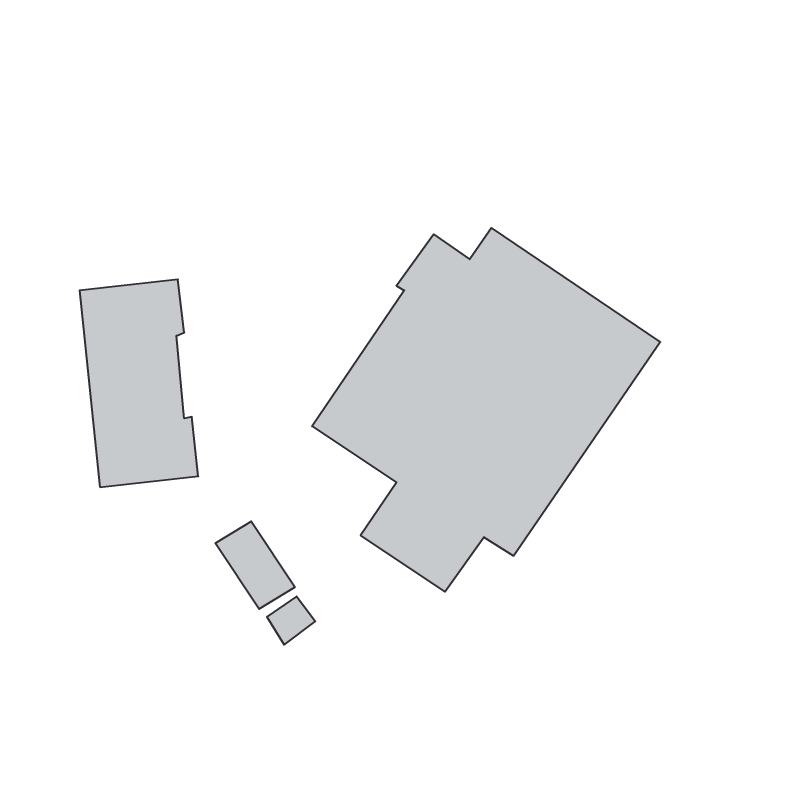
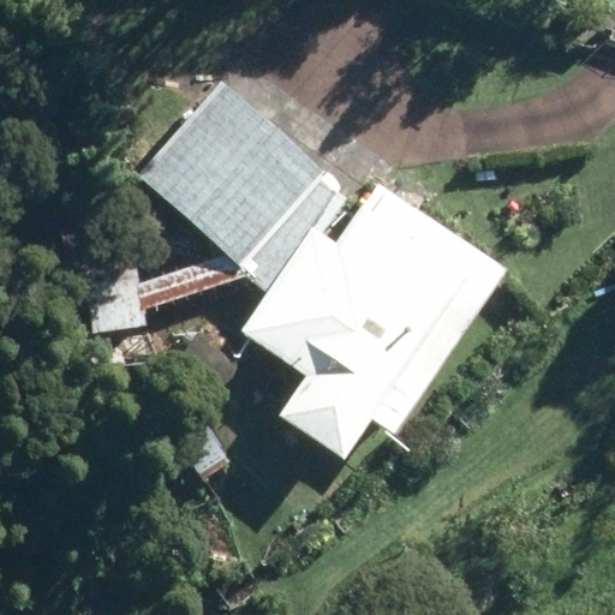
building: none -> [135,77,326,268]

